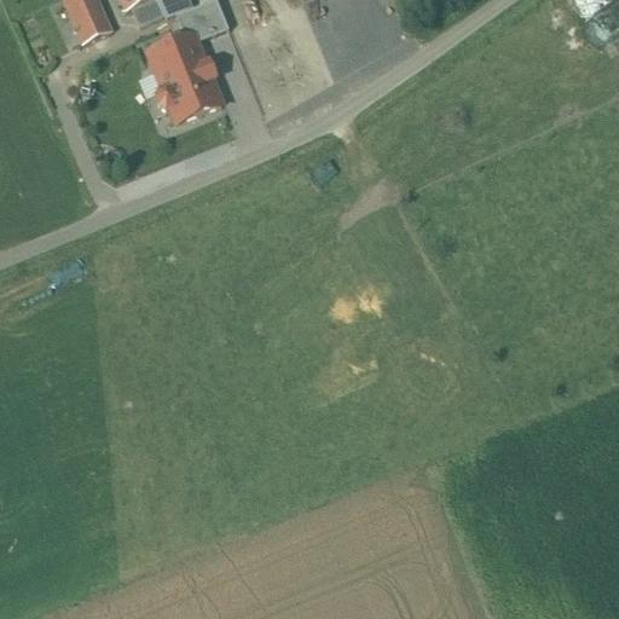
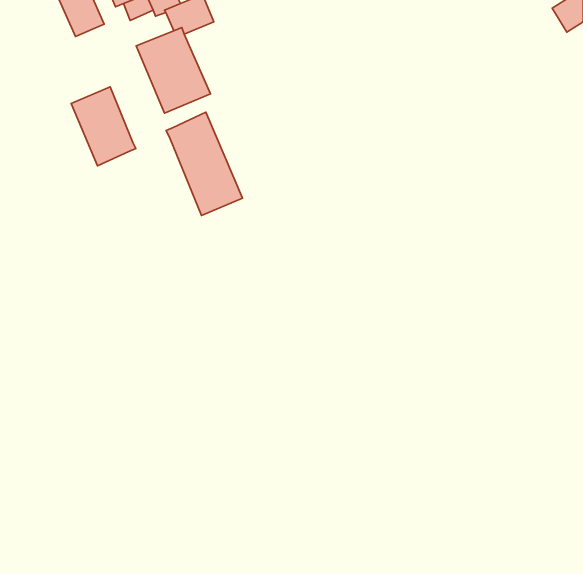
building: none -> [71,87,136,166]
building: none -> [166,112,242,215]

